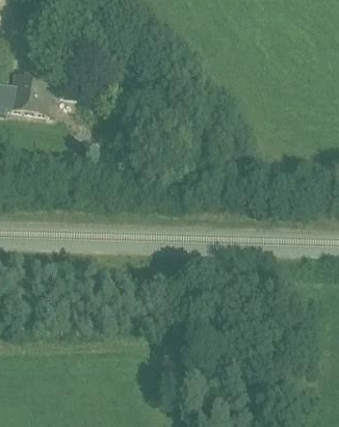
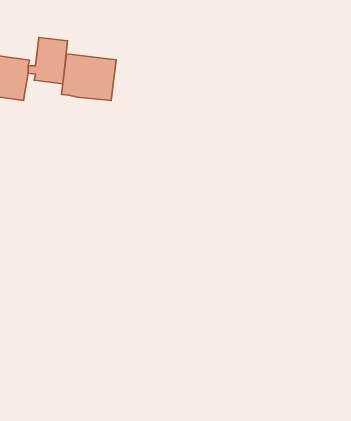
building: none -> [61,54,116,100]

